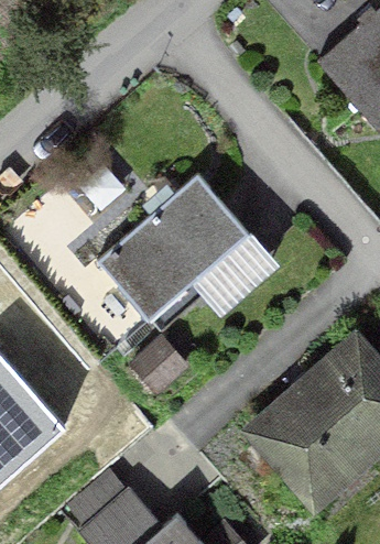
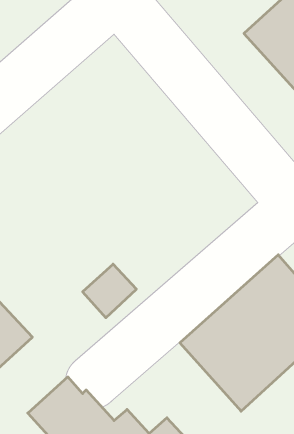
building: [96,175,281,324] -> none

